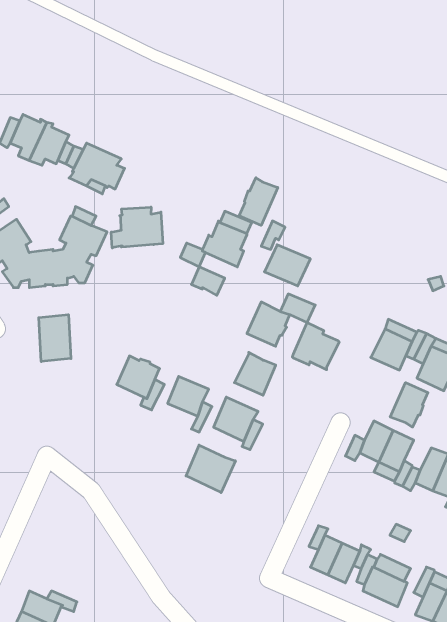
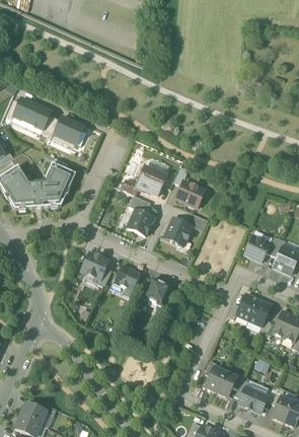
building: [239,178,278,225] -> none
building: [111,207,163,248] -> none
building: [39,315,71,362] -> none
building: [292,322,339,370] -> none
building: [234,352,276,395] -> [127,208,153,235]
building: [390,383,428,427] -> none
building: [186,445,235,493] -> none

